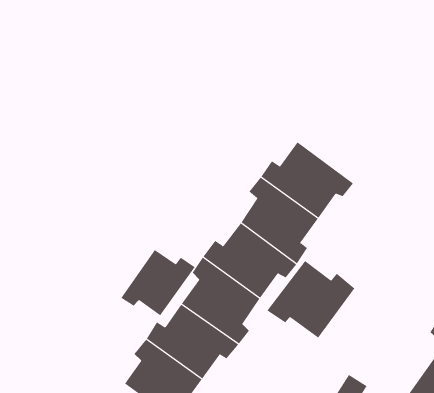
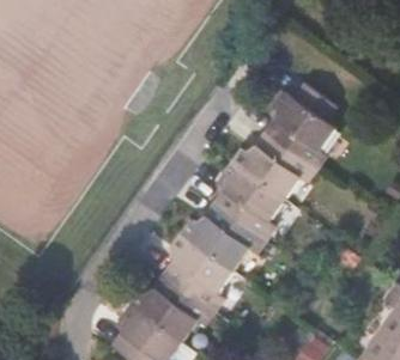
building: none -> [266,83,335,169]
building: [121,249,196,316] -> none
building: [267,260,355,339] -> none

